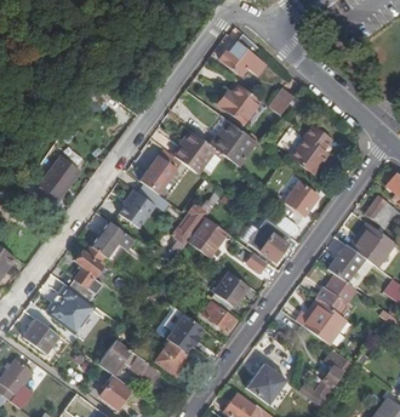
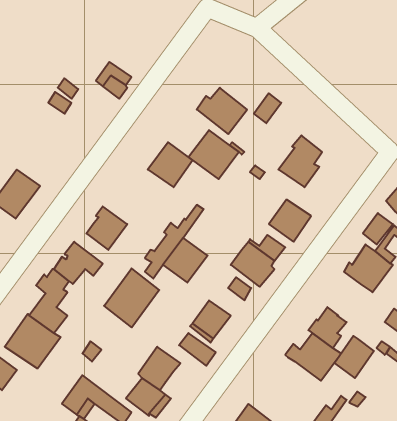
building: [223,33,264,75] -> none
building: [141,155,178,194] -> none
building: none -> [104,268,159,327]
building: [328,245,364,282] -> [334,336,374,378]

